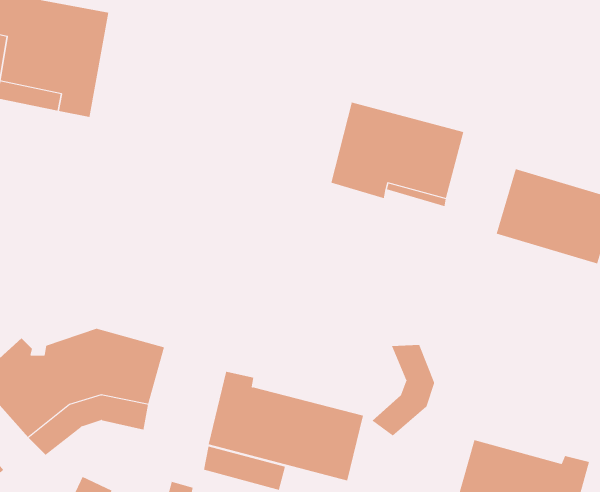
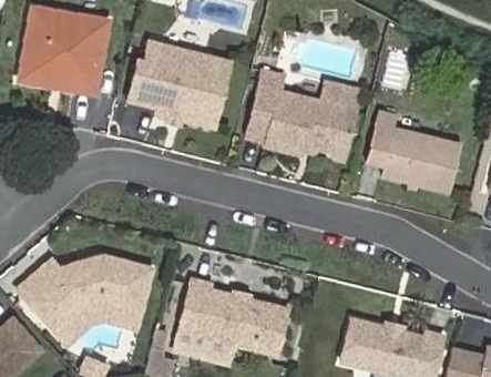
building: none -> [127,42,231,132]
building: [371,344,435,436] -> none

